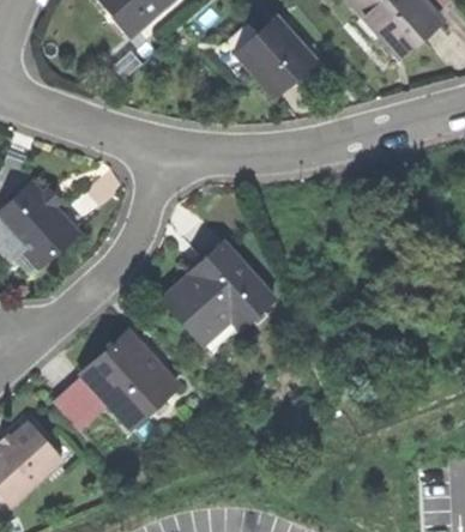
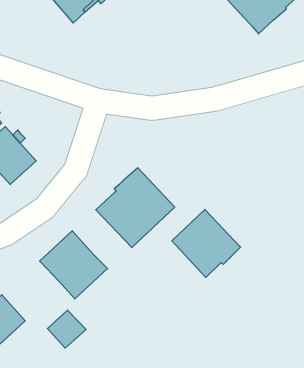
building: [224,19,309,93] -> none
building: none -> [172,209,241,277]
building: [55,375,110,429] -> [47,310,86,348]

